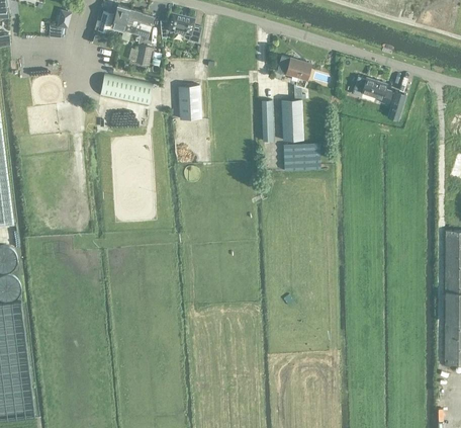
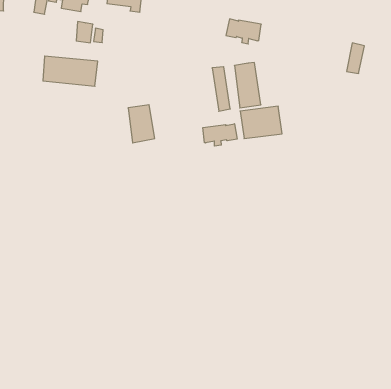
building: [360,76,392,105] -> none
building: [178,85,200,119] -> [128,105,155,143]
building: none -> [203,124,237,146]

